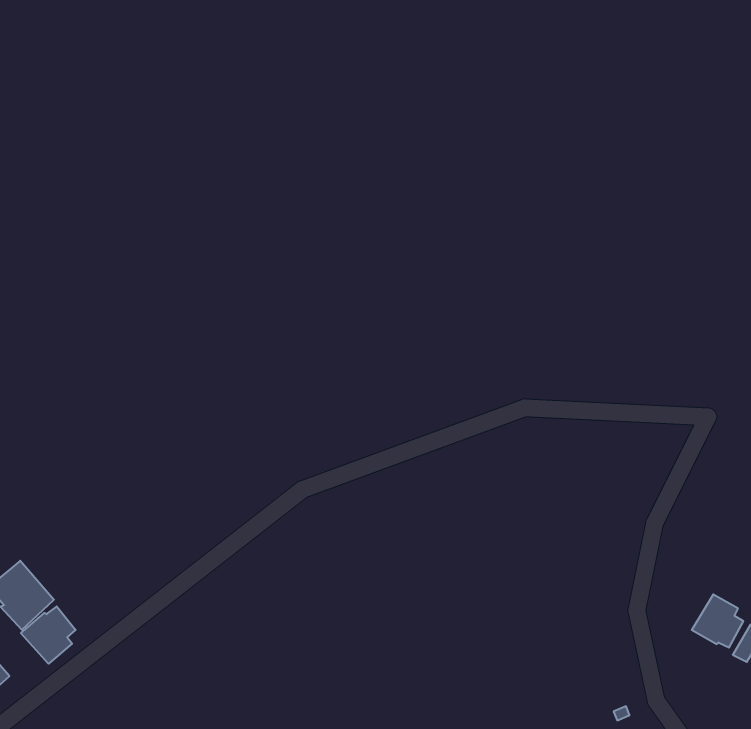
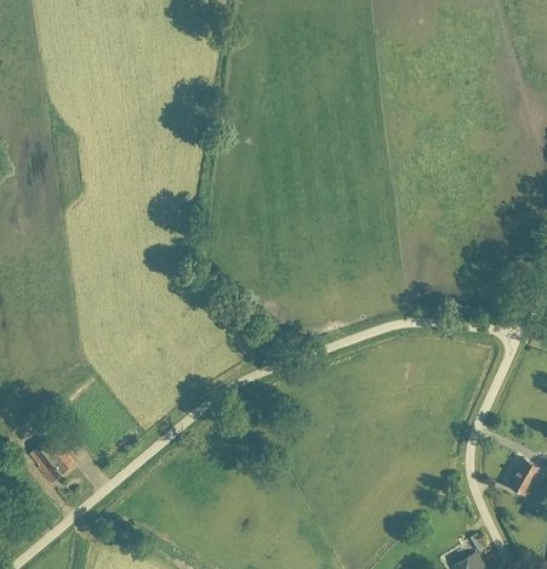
building: [21,606,76,664] -> none

